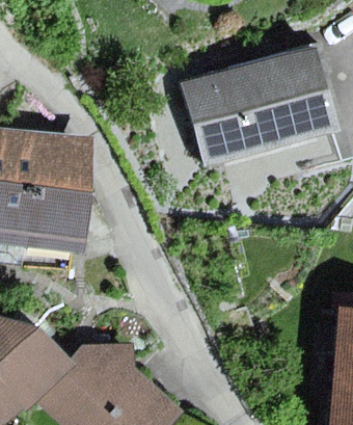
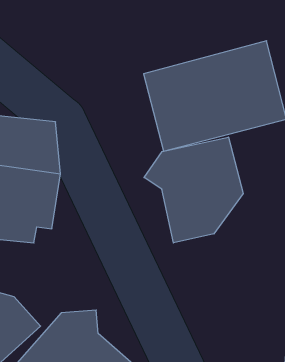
building: none -> [144,137,243,243]

